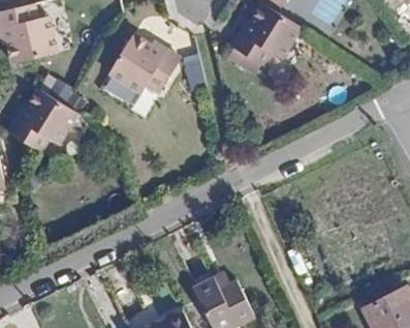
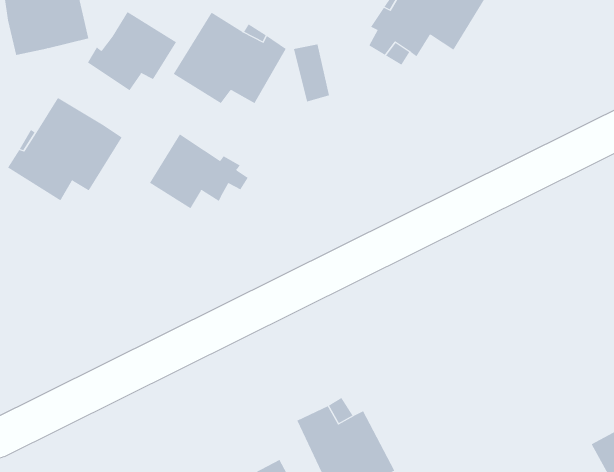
building: none -> [87,11,177,91]
building: none -> [149,134,248,209]

